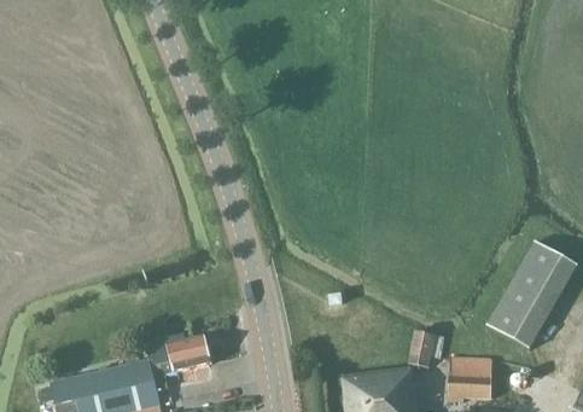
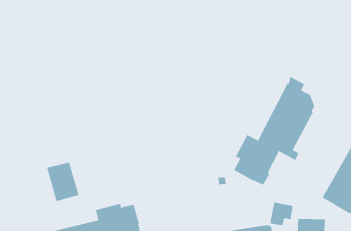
building: none -> [233,76,315,185]
building: none -> [47,162,79,202]

